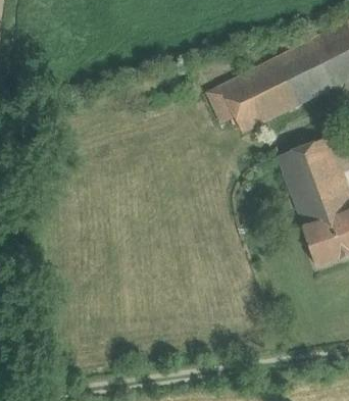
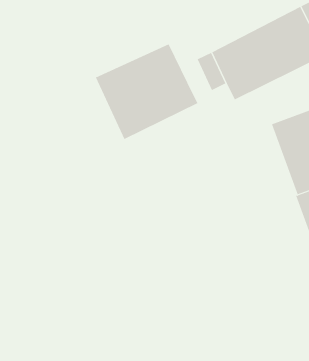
building: none -> [95,44,198,140]

